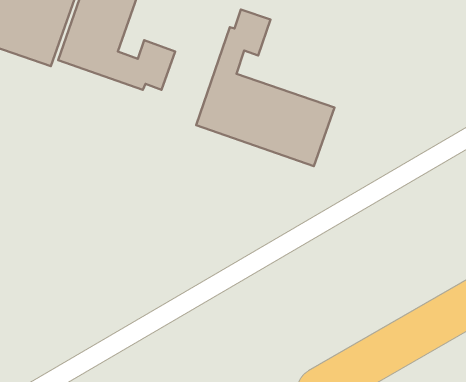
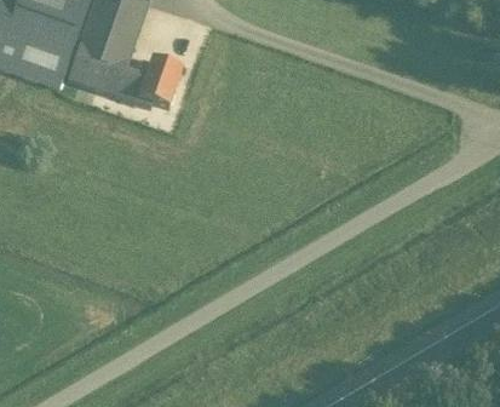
building: [196,10,334,166] -> none

